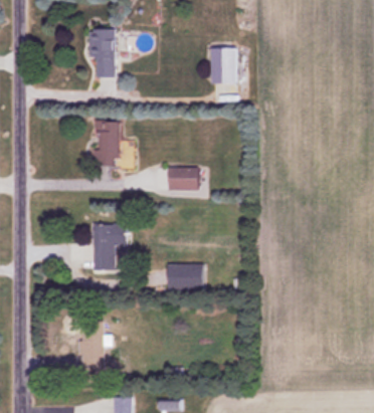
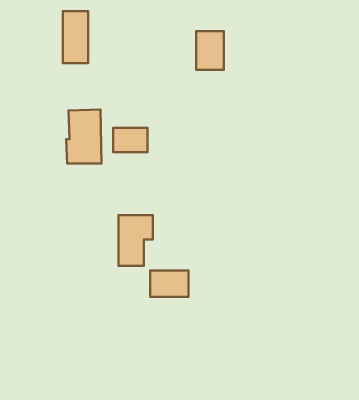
building: [169,167,200,189] -> [113,128,147,152]
building: [92,224,124,270] -> [119,215,153,266]

